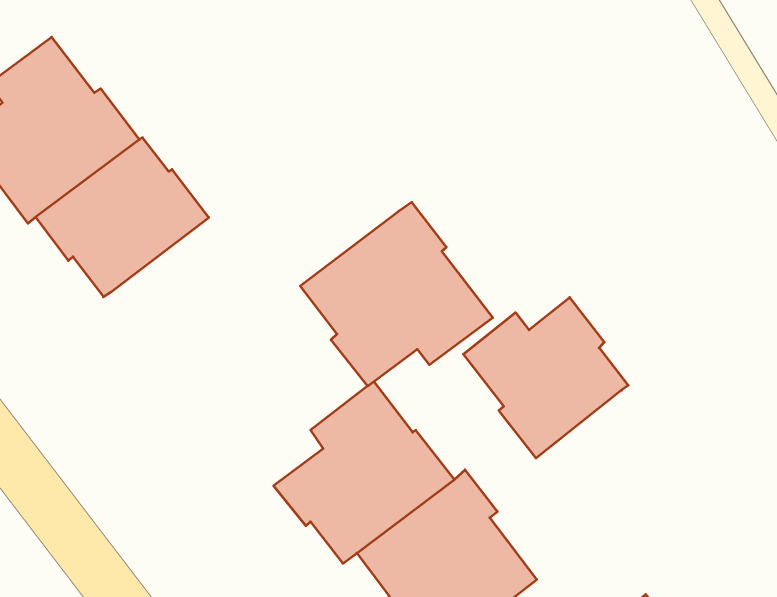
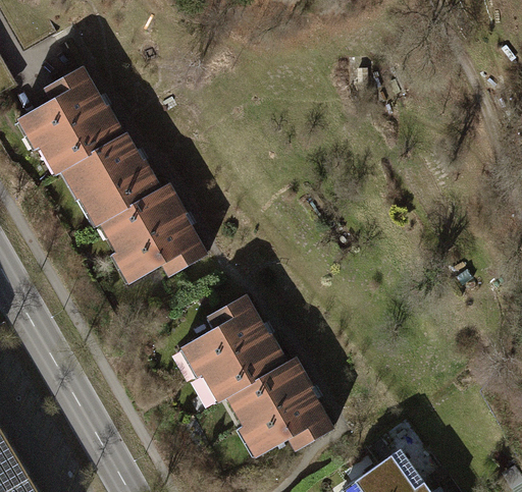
building: [300,202,493,386] -> [96,180,209,287]
building: [463,297,628,458] -> none

